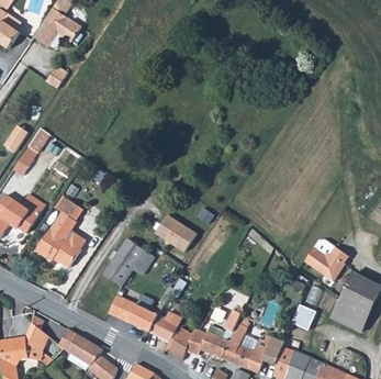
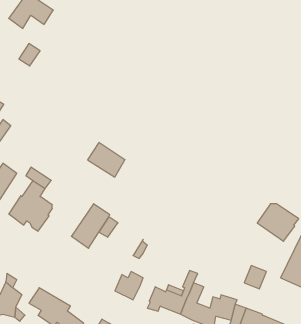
building: [155,215,195,253] -> [88,143,125,177]
building: [108,294,157,332] -> none
building: [164,326,191,359] -> none

